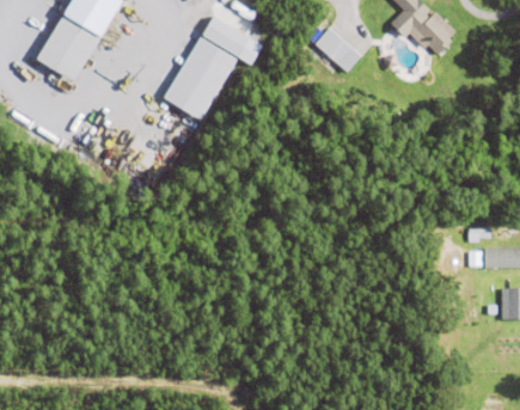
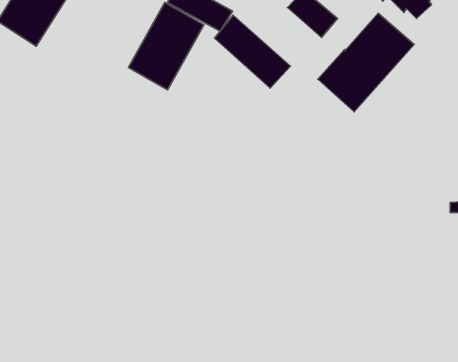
building: none -> [318,13,414,112]
building: none -> [214,15,291,88]

